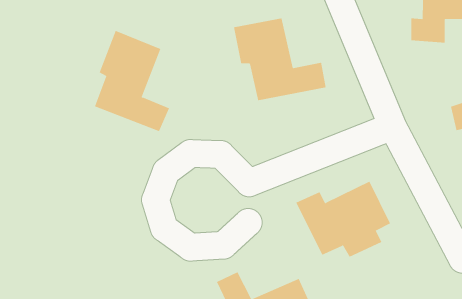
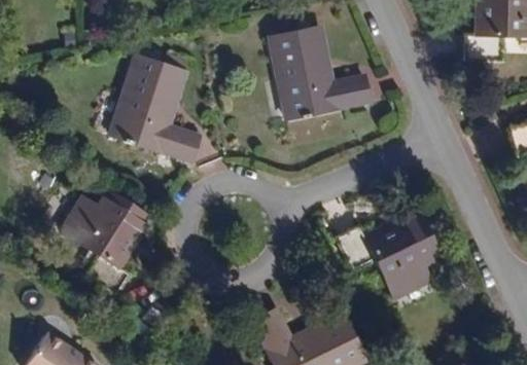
building: none -> [62,187,148,290]

